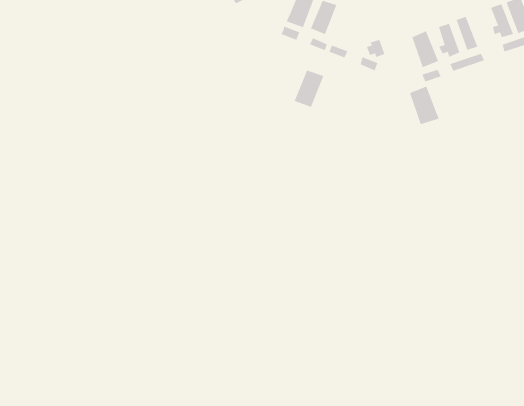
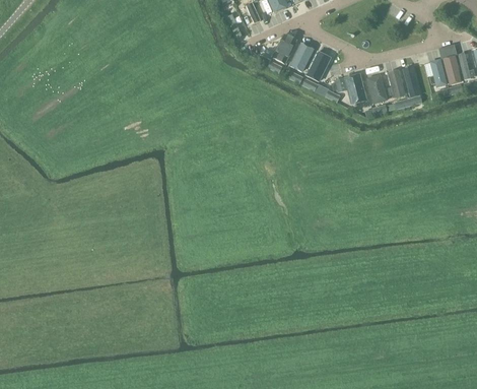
building: [294,70,324,108] -> [305,51,331,80]
building: [409,86,439,125] -> [345,73,366,103]

